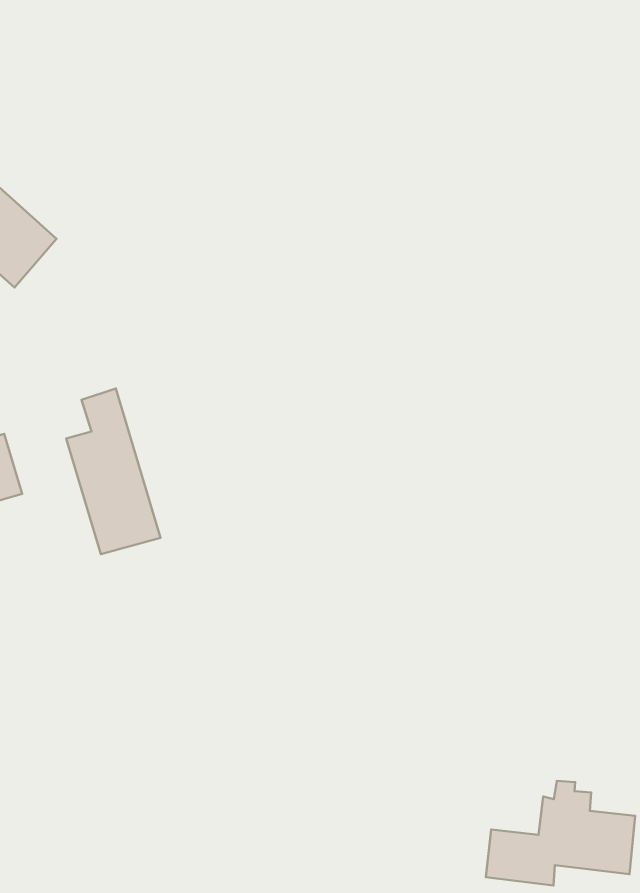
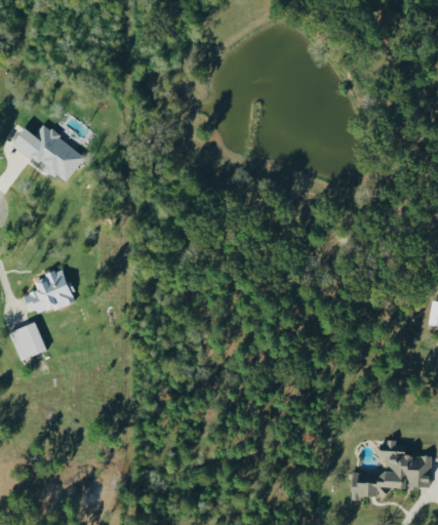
building: [66,388,160,554] -> none

